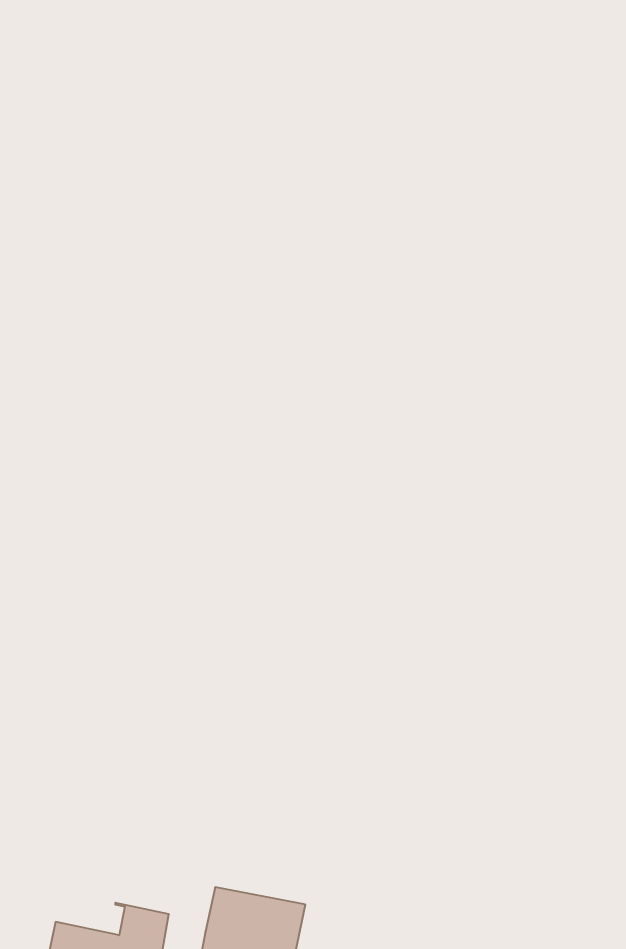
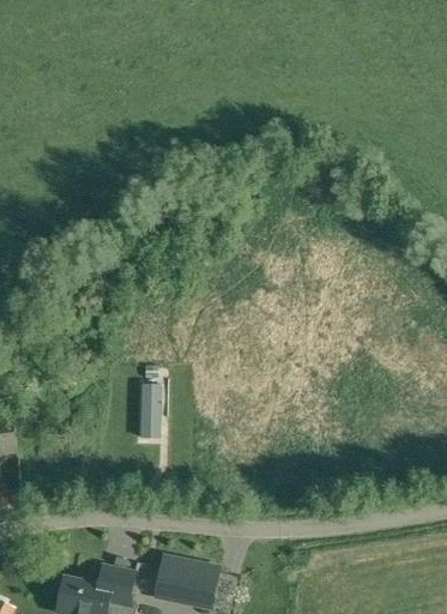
building: none -> [140,385,161,439]

